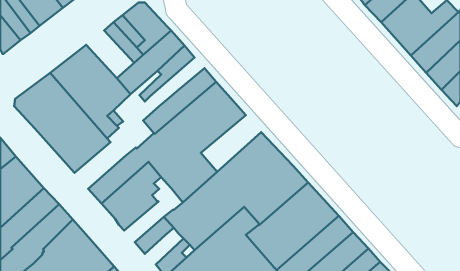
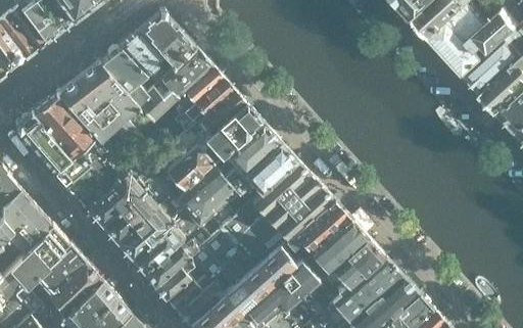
building: none -> [98,45,152,99]
building: none -> [171,76,232,131]
building: none -> [228,141,296,205]
building: none -> [85,170,143,225]
building: none -> [141,224,207,285]
building: none -> [164,275,208,311]

